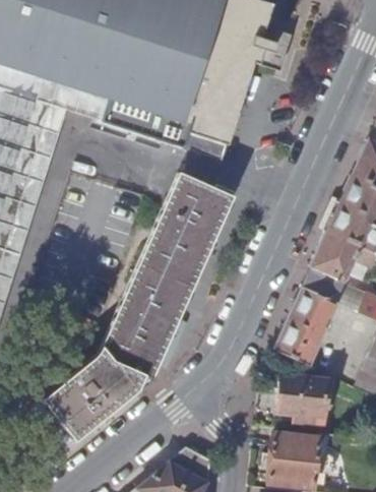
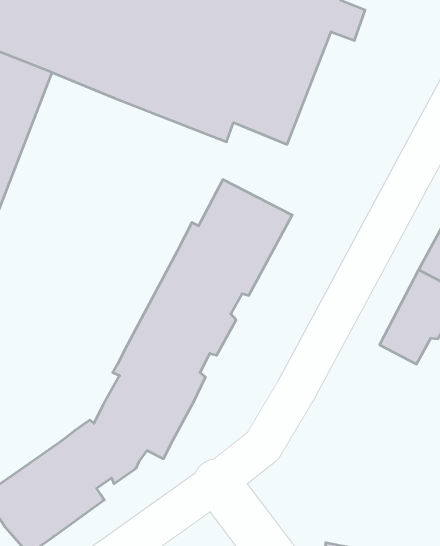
building: [274,287,337,364] -> none
building: [277,376,326,422] -> none

